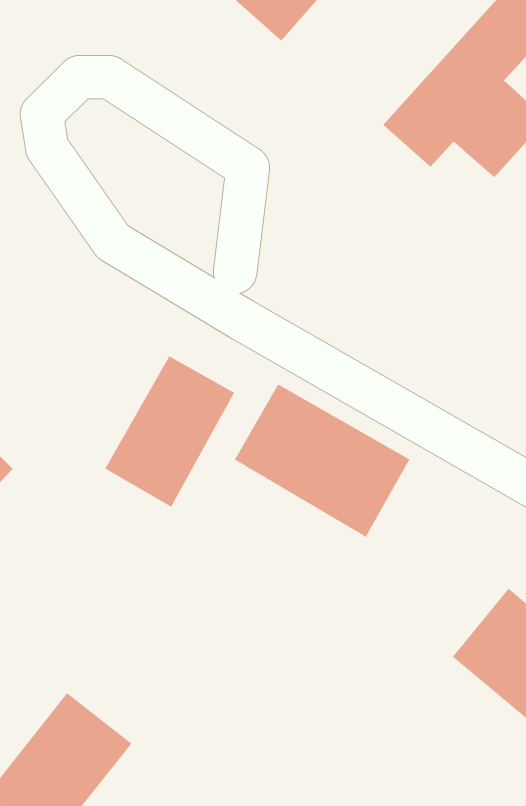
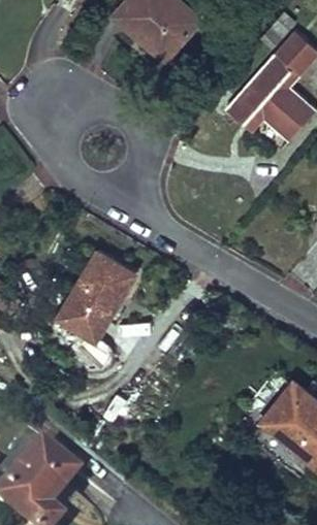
building: [234,384,411,538] -> none

